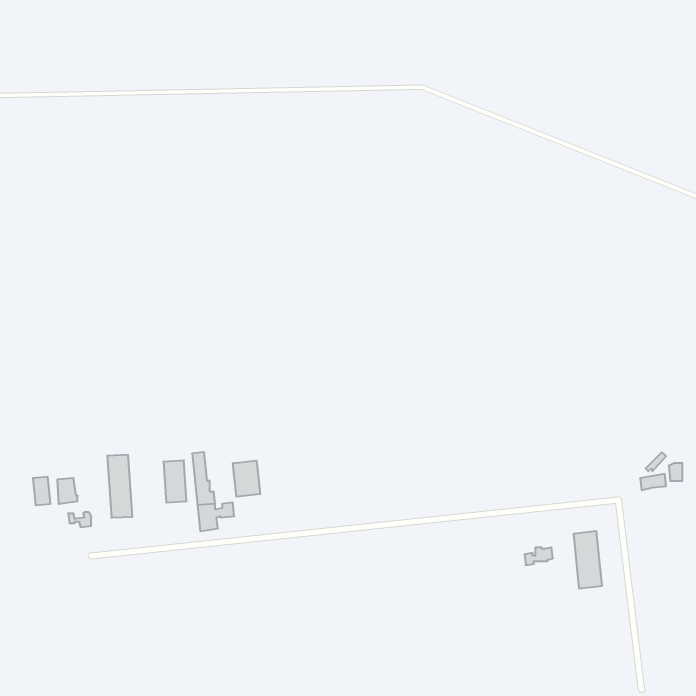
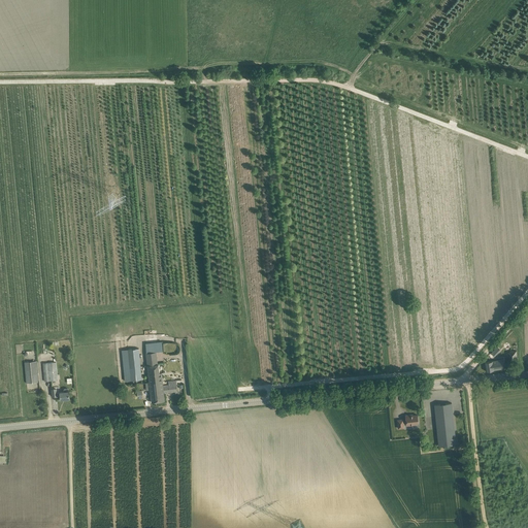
building: [108,455,132,518] -> none
building: [233,461,260,497] -> none

